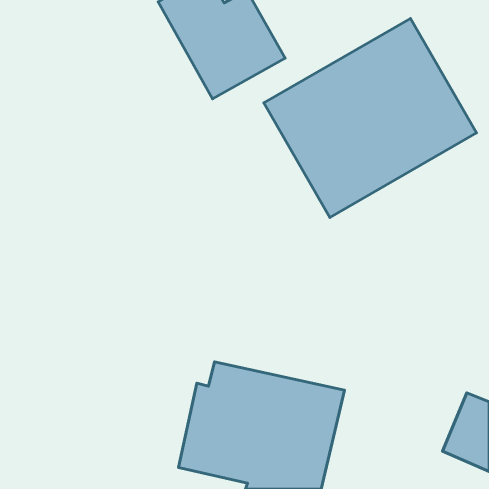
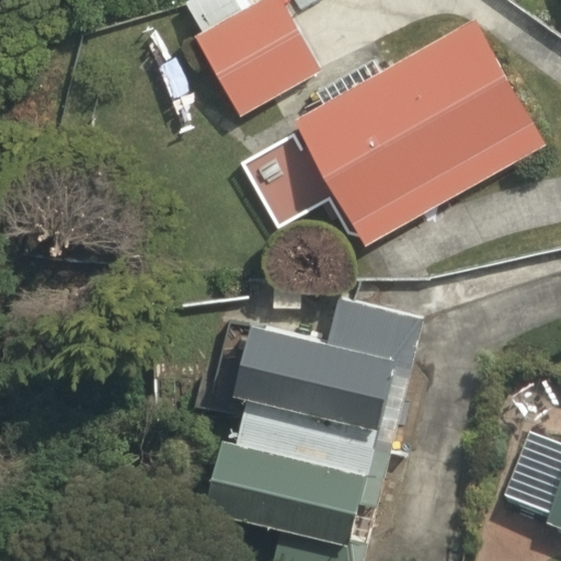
building: none -> [242,291,417,440]

